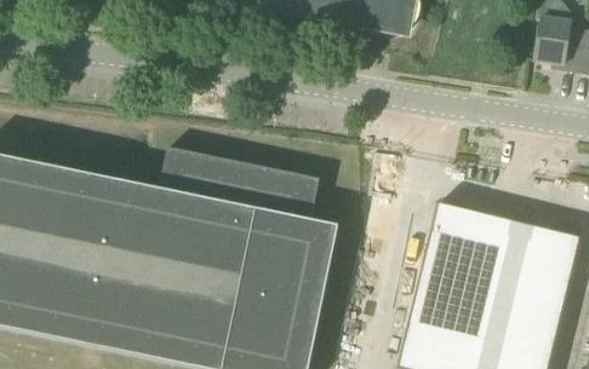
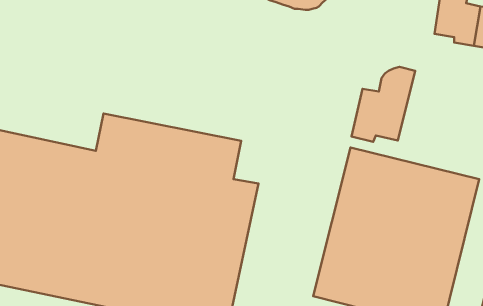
building: none -> [351,67,415,142]

